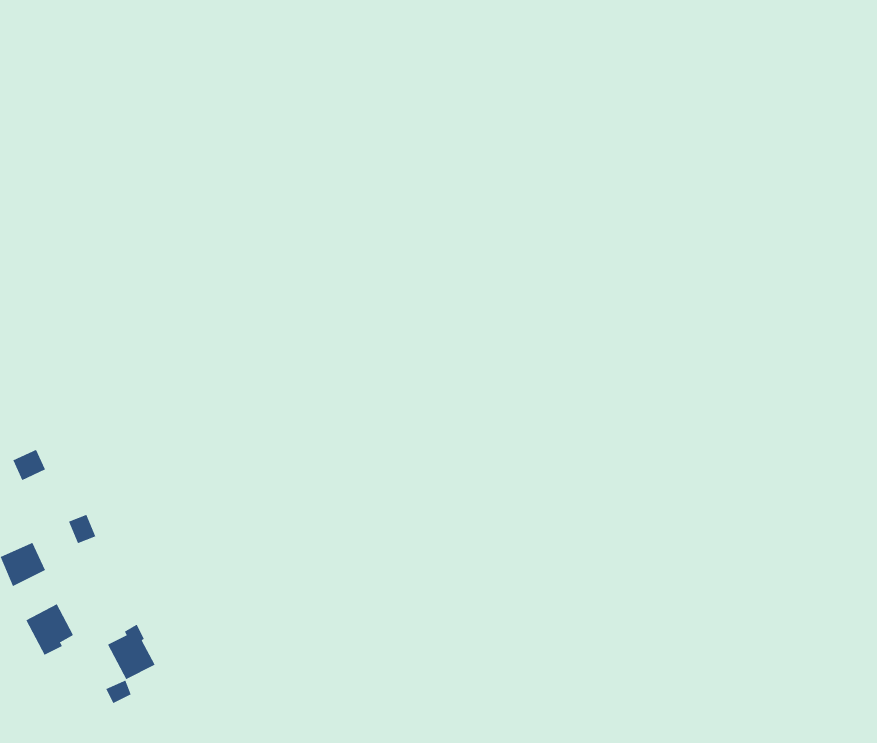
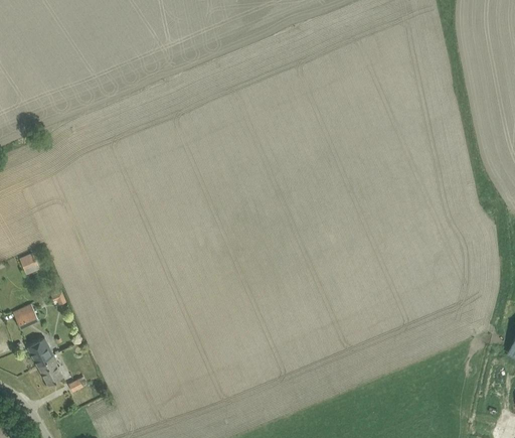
building: [107,624,156,680] -> [36,353,62,384]

